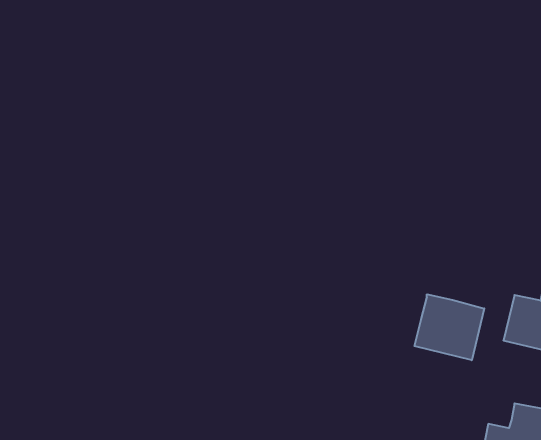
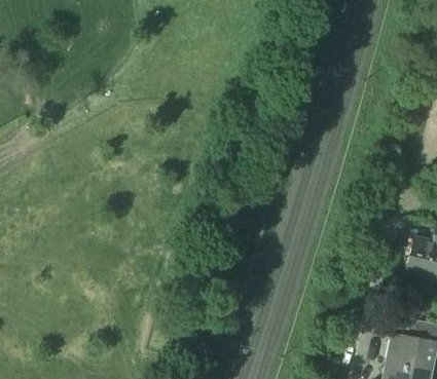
building: [414,294,484,360] -> none

